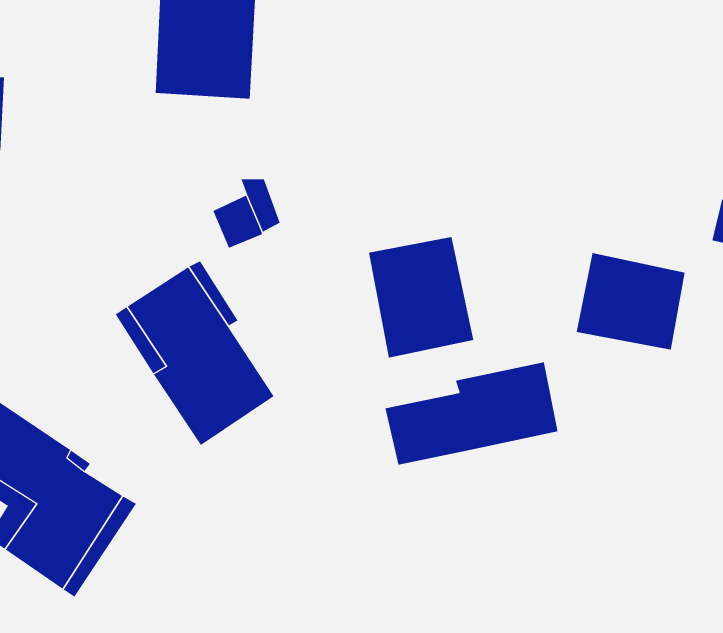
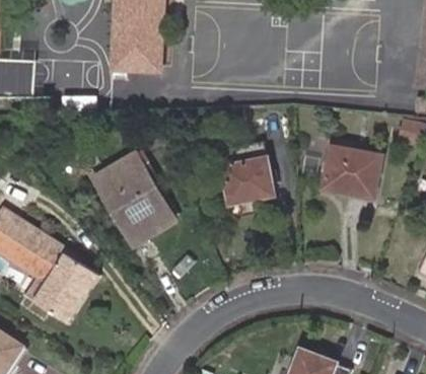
building: [385,361,558,466] -> none

